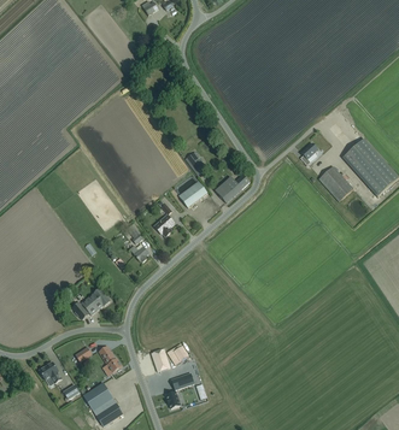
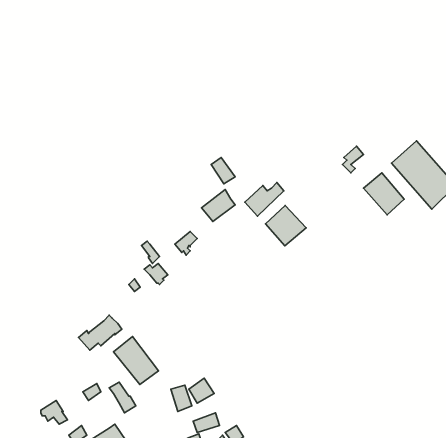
building: none -> [265,205,306,246]
building: none -> [114,337,159,384]

